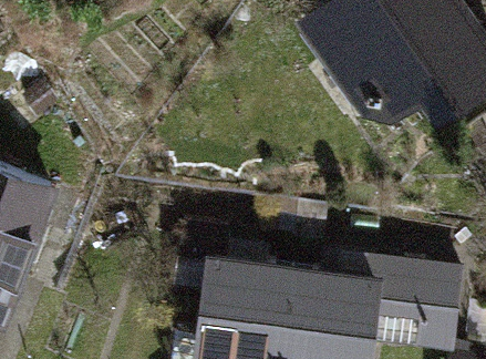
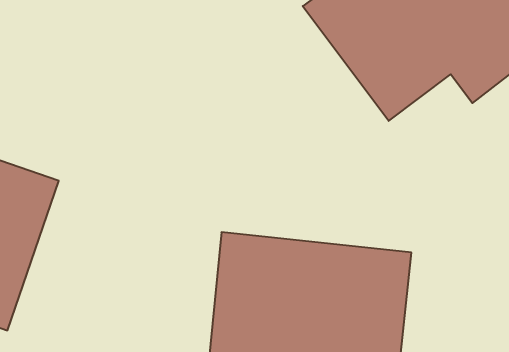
building: [386,266,462,338] -> none

